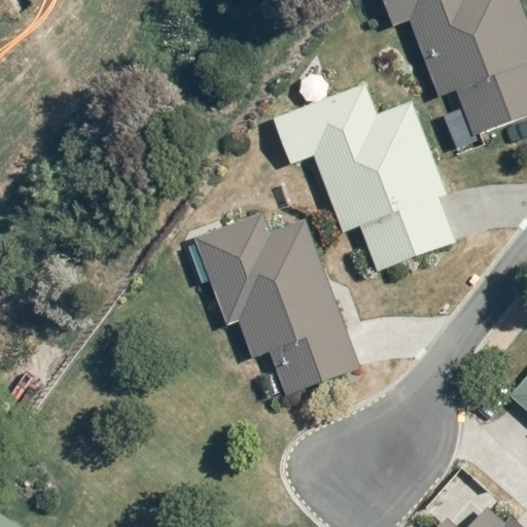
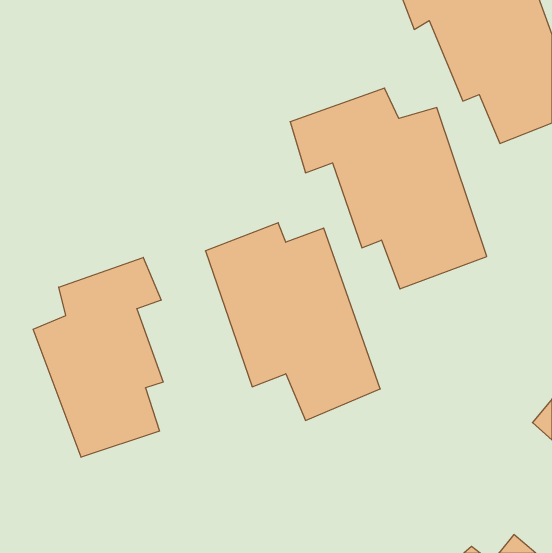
building: none -> [33,257,163,457]

